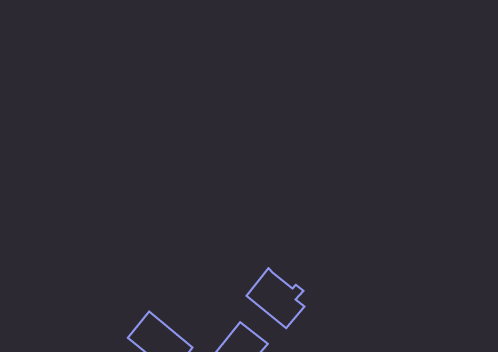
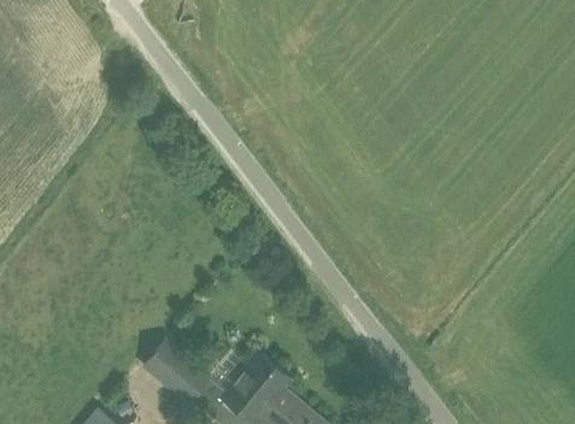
building: [246,268,305,328] -> none

